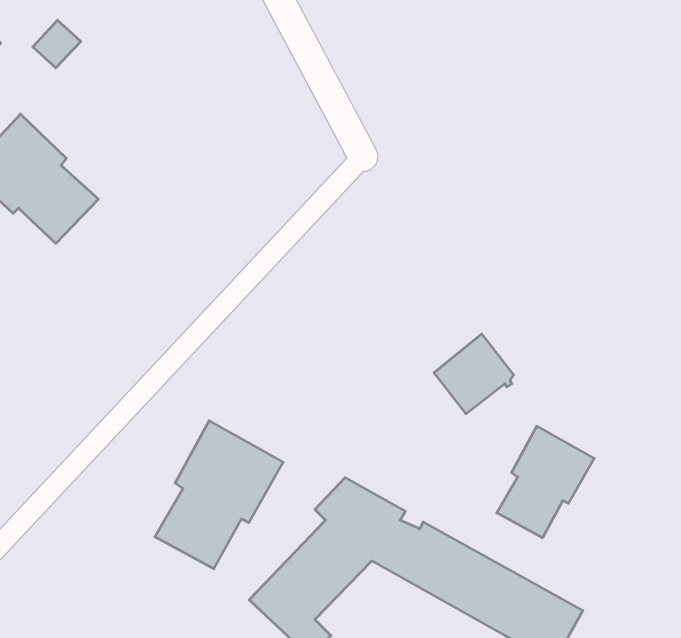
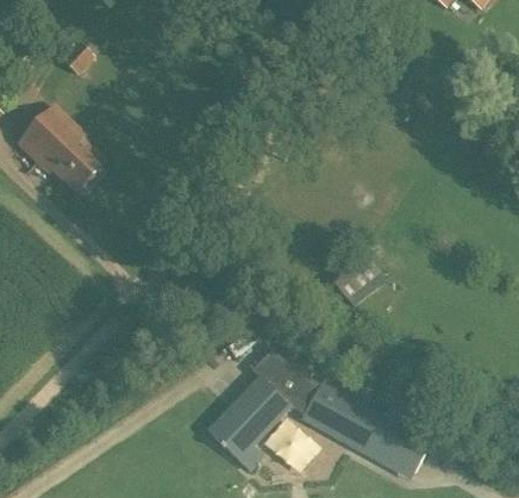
building: [155,421,283,569] -> none
building: [497,426,594,538] -> none

